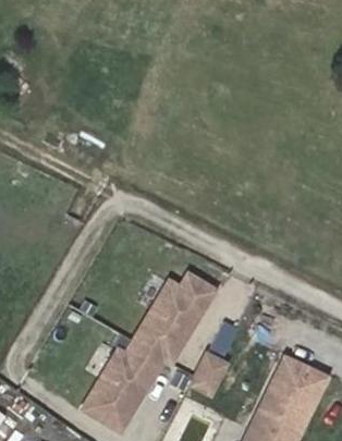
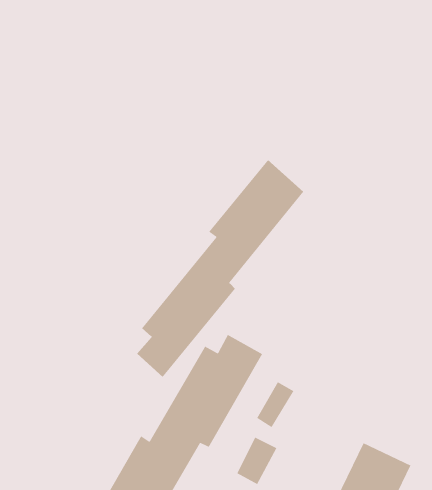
building: none -> [136,159,304,378]

